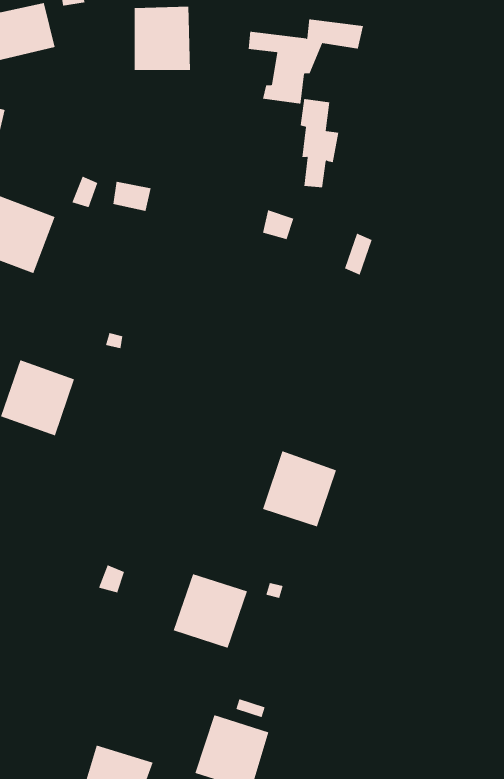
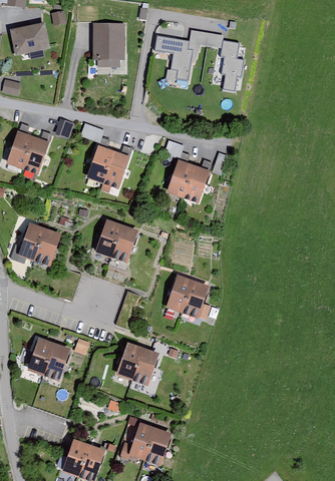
building: [300,99,339,188] -> [221,40,243,90]
building: none -> [86,144,128,187]
building: none -> [166,159,209,202]
building: none -> [95,218,137,262]
building: none -> [27,337,69,380]

